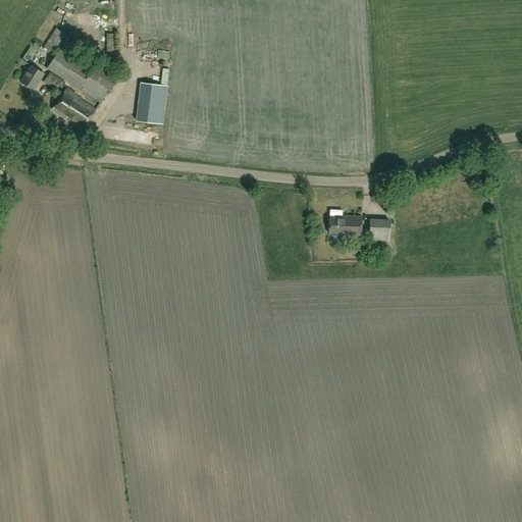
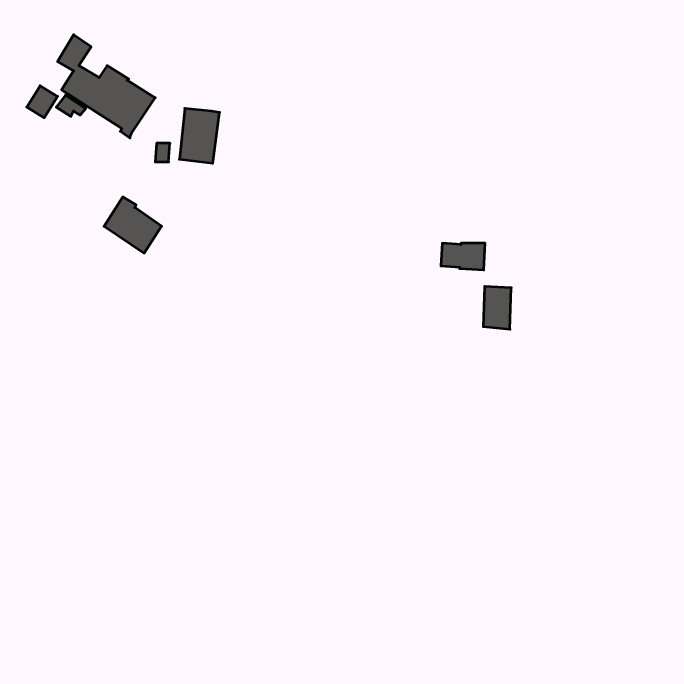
building: [52,88,96,130] -> [104,197,162,253]
building: [328,216,362,237] -> [441,243,485,270]

